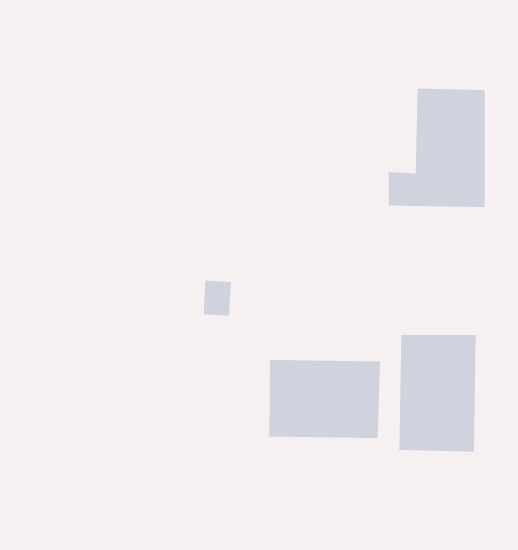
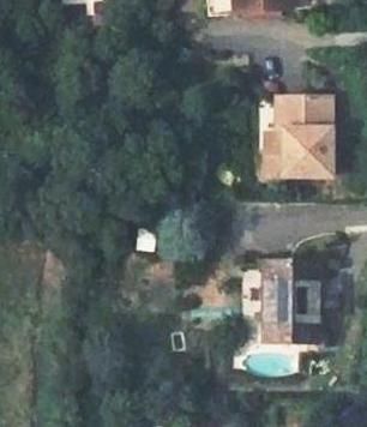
building: [269,359,381,439] -> none

